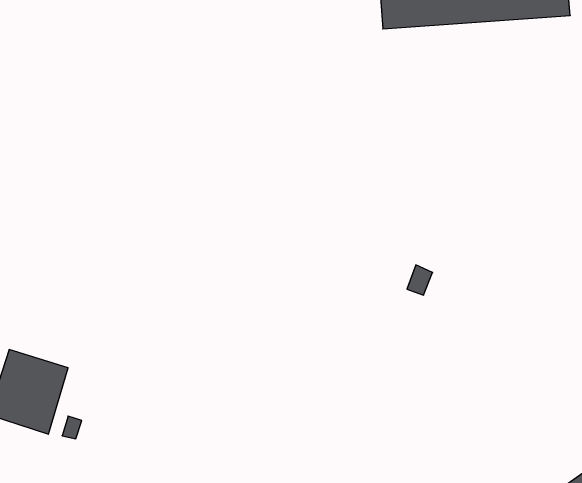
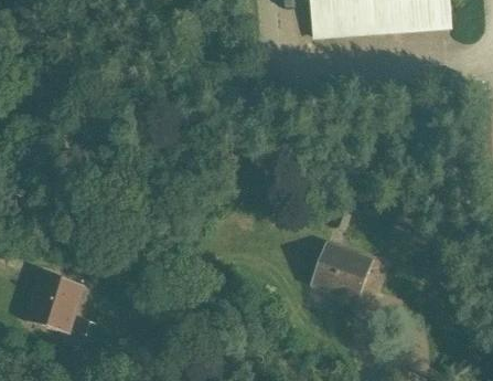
building: none -> [310,241,373,299]

